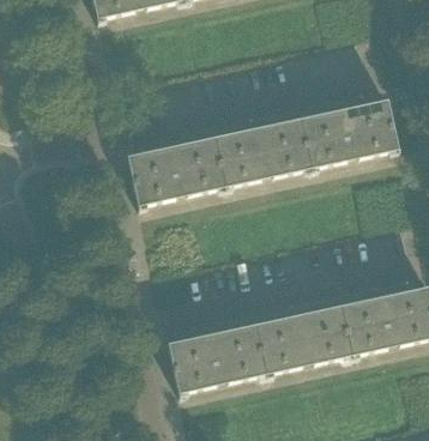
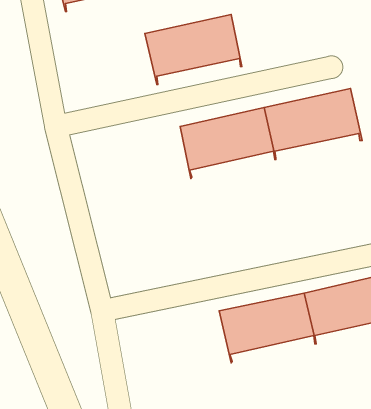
building: [128,139,226,210] -> [145,15,242,84]
building: [169,326,267,397] -> none

